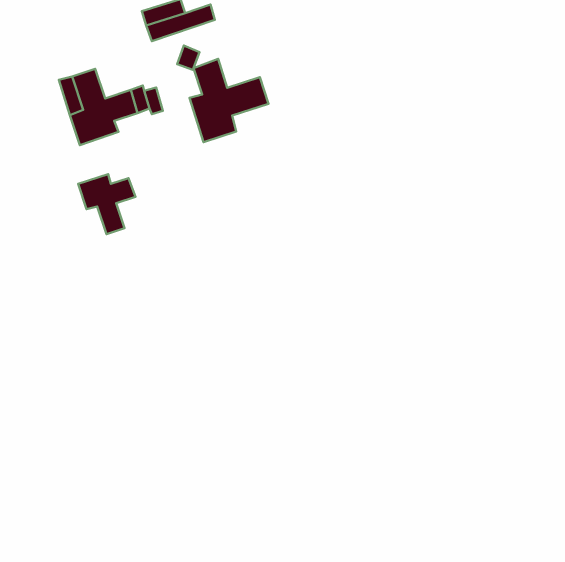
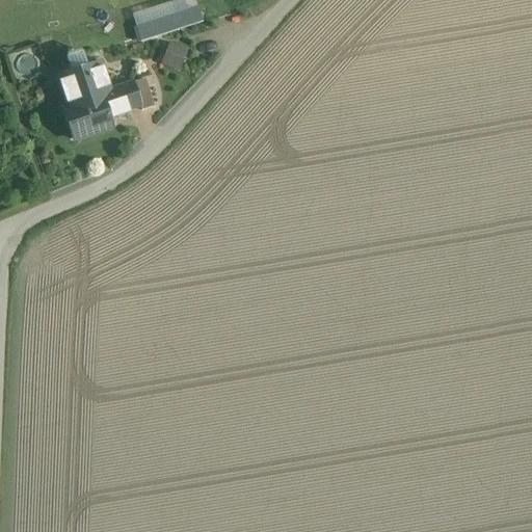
building: [189,59,269,142] -> none
building: [78,174,136,234] -> none

